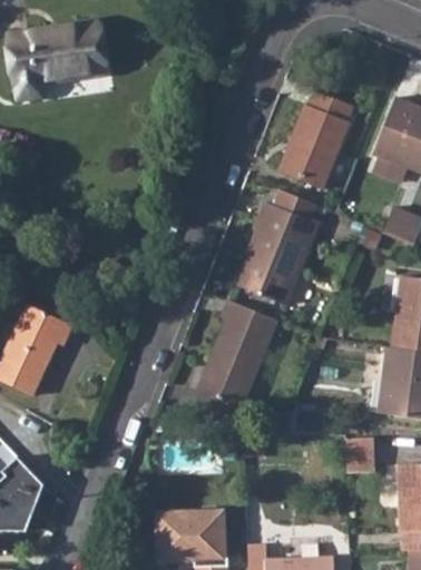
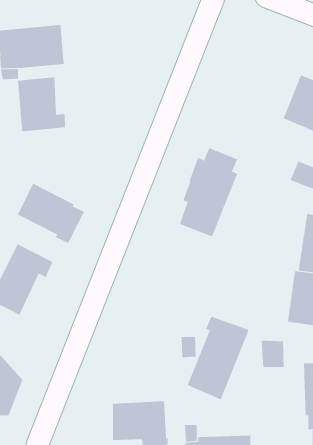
building: [283,91,352,190] -> none
building: none -> [18,77,65,132]
building: none -> [17,183,85,244]
building: [198,301,277,407] -> [187,316,249,400]

